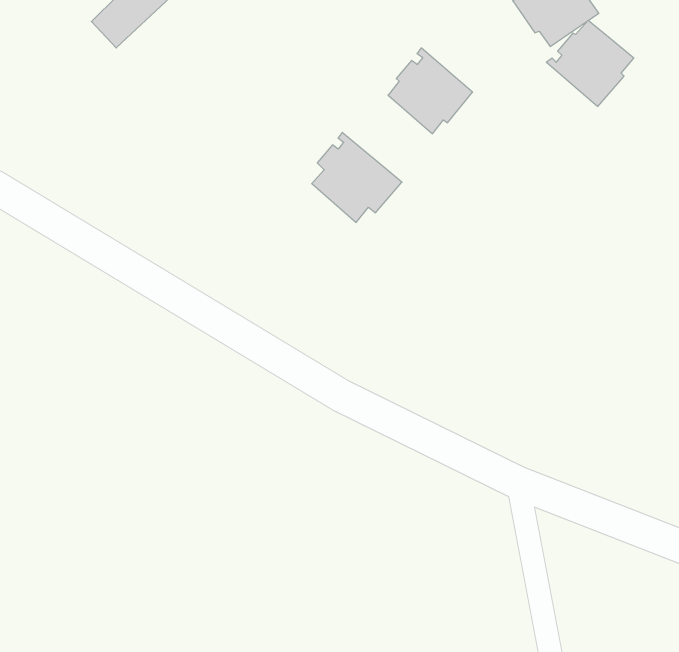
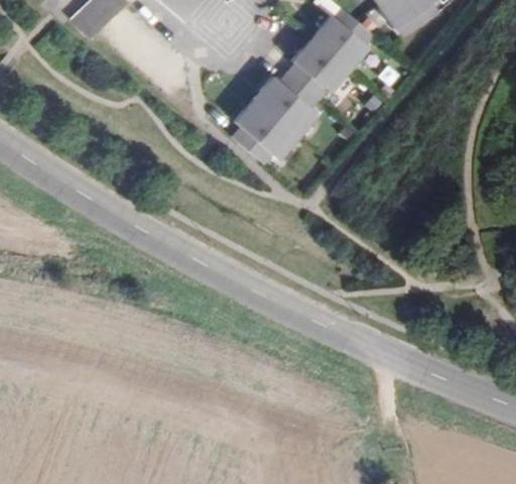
building: [546,21,634,106] -> [311,6,375,69]
building: none -> [254,71,319,134]

